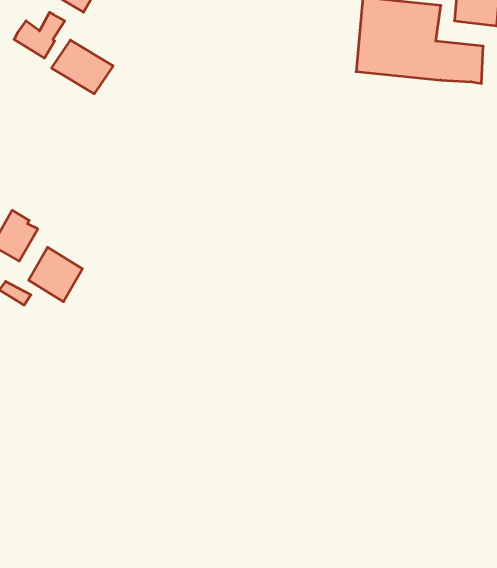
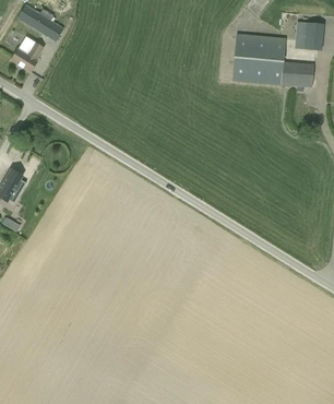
building: [52,40,113,94] -> none
building: [29,247,82,302] -> none

